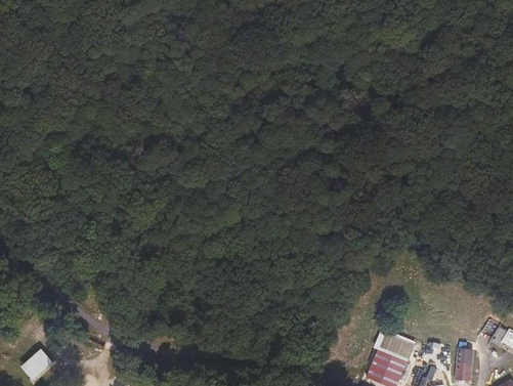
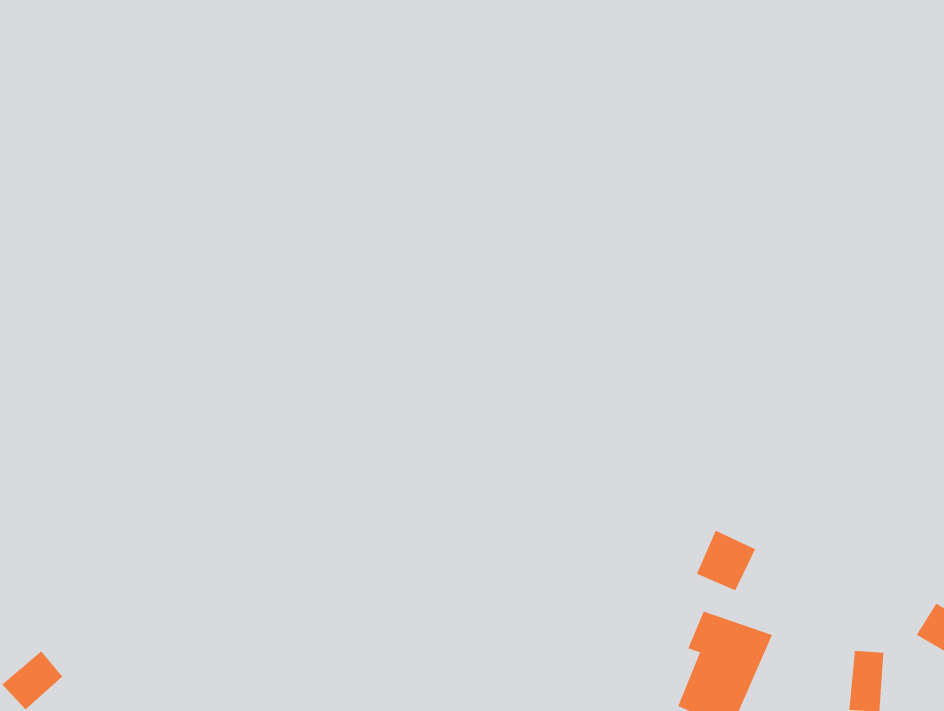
building: none -> [696,530,756,591]

